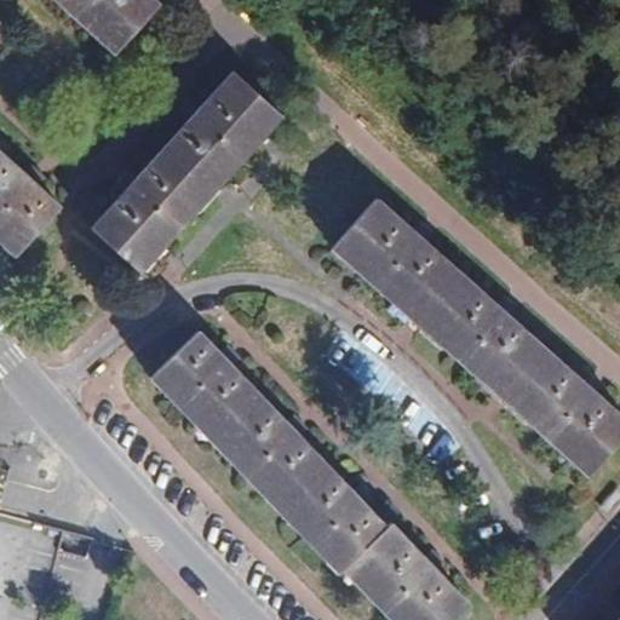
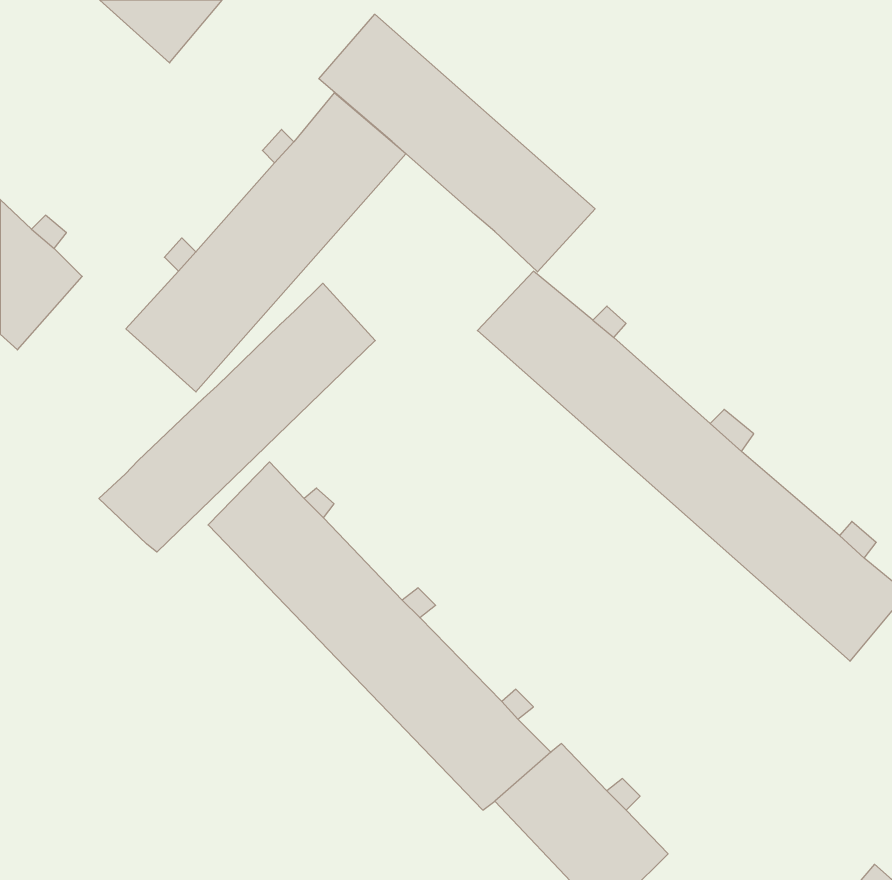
building: none -> [319,14,595,272]
building: none -> [99,283,375,552]

